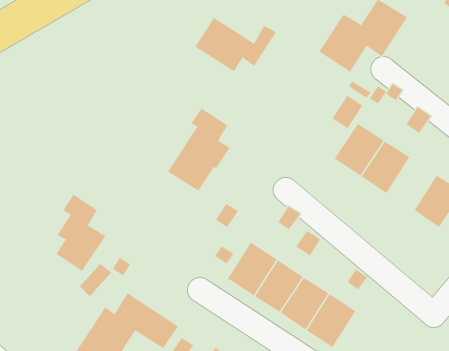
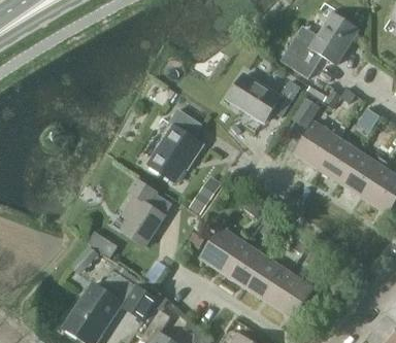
building: [195,17,277,72] -> [228,73,300,122]
building: none -> [340,151,384,198]
building: [56,194,106,271] -> [121,177,165,245]

